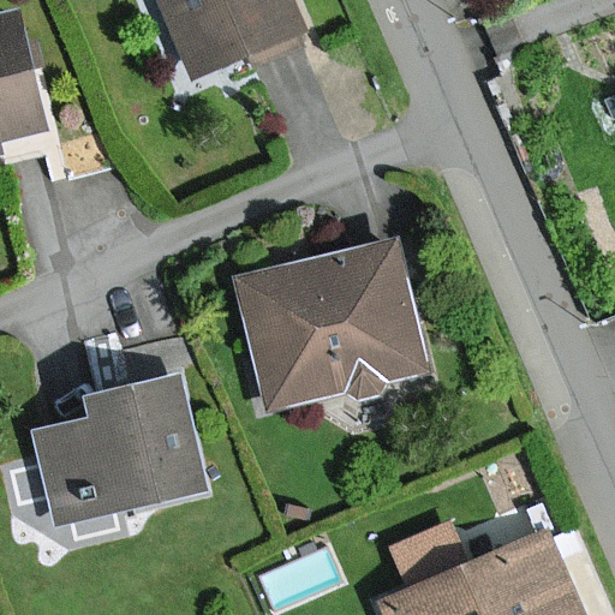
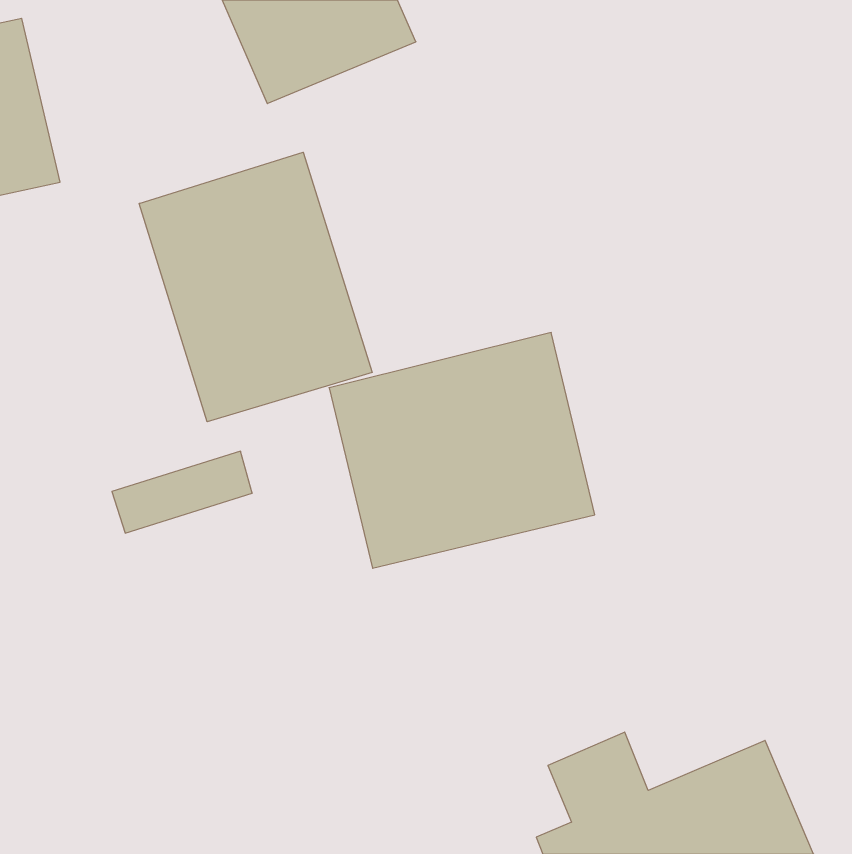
building: none -> [139,152,372,422]
building: [40,378,201,519] -> none

